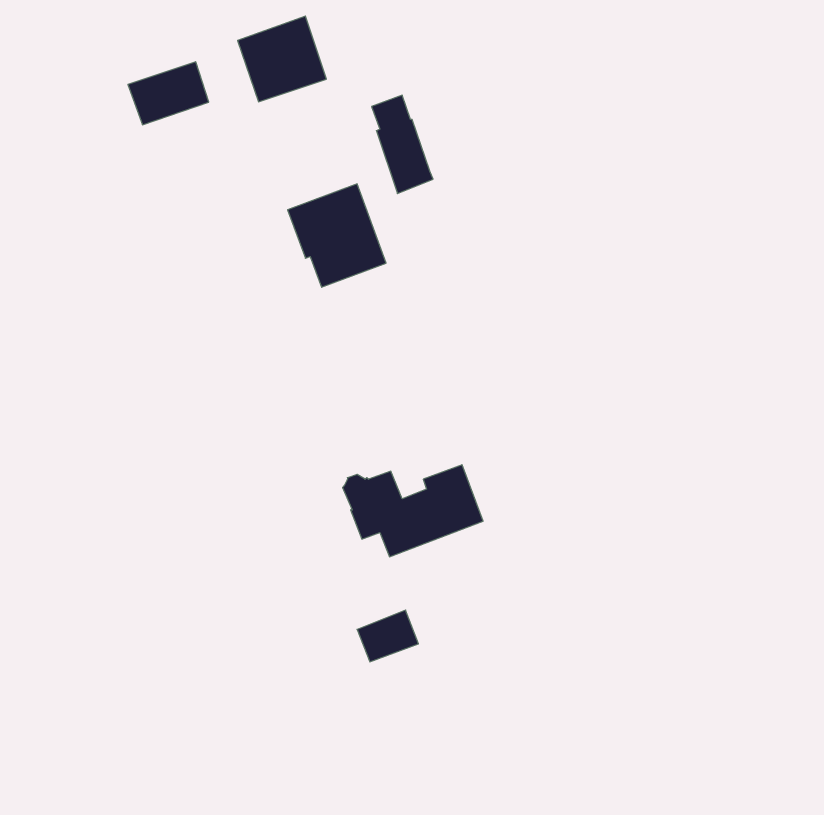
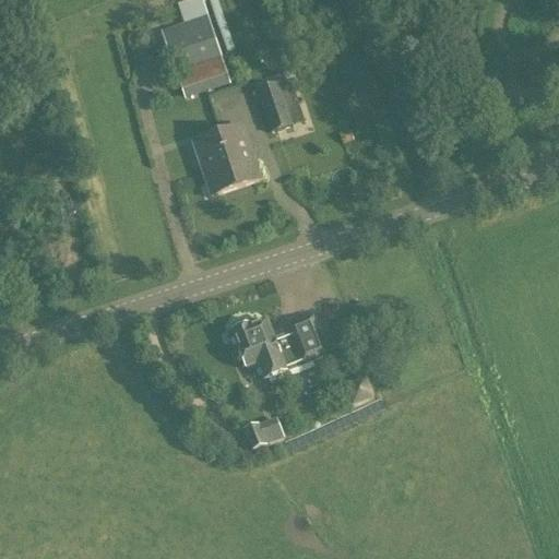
building: [128,62,209,125] -> [175,53,229,96]

